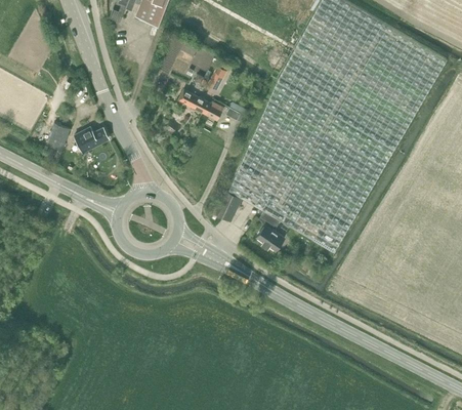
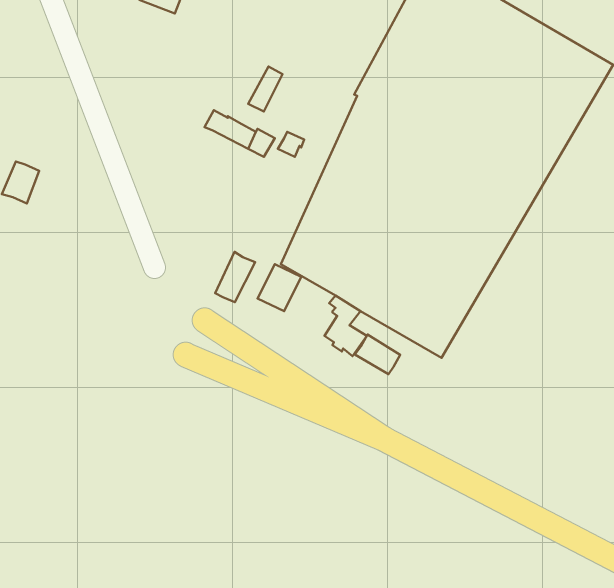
building: [74,127,109,153] -> none
building: none -> [215,252,255,302]
building: none -> [355,334,400,374]

